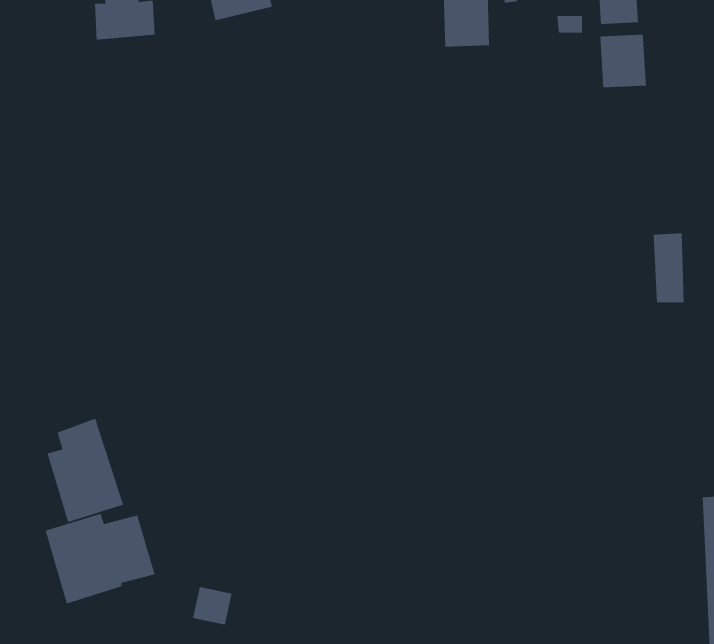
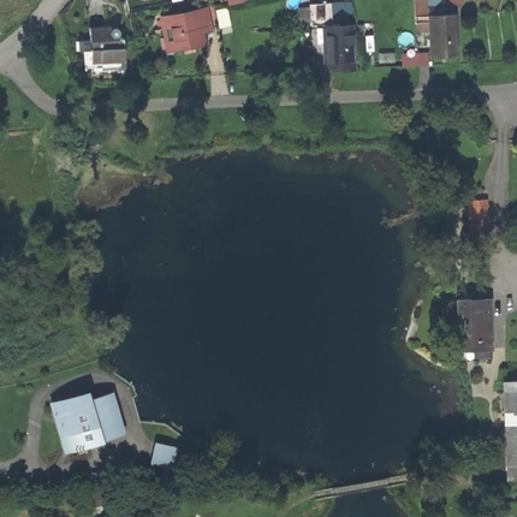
building: [600,34,646,88] -> none
building: none -> [454,298,494,366]
building: [47,418,124,523] -> none

